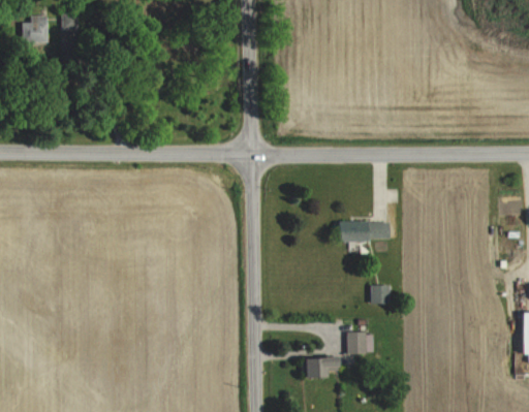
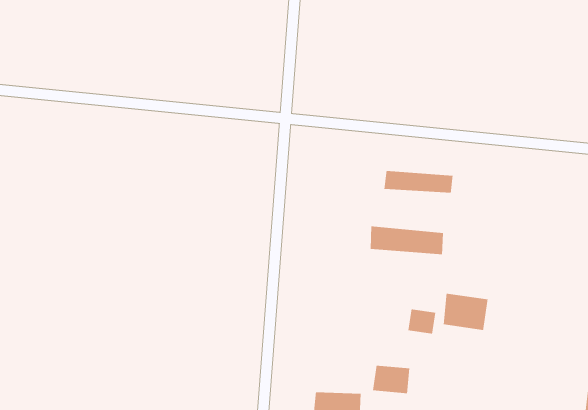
building: none -> [384,170,453,193]
building: none -> [443,293,488,331]

